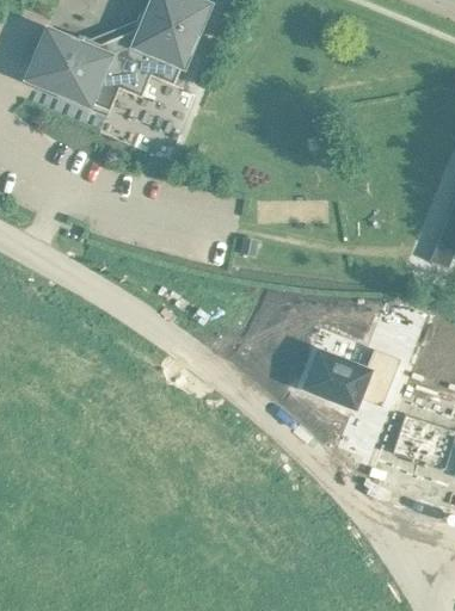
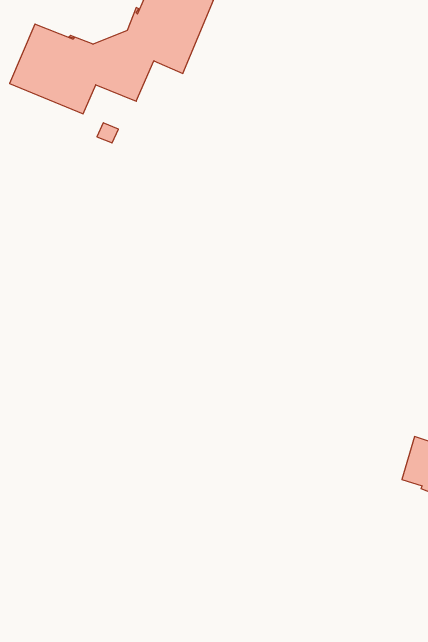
building: [306,350,399,405] -> none

